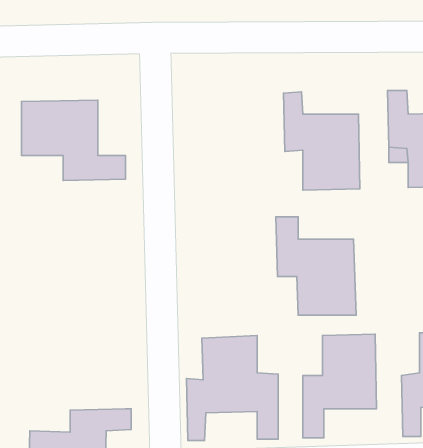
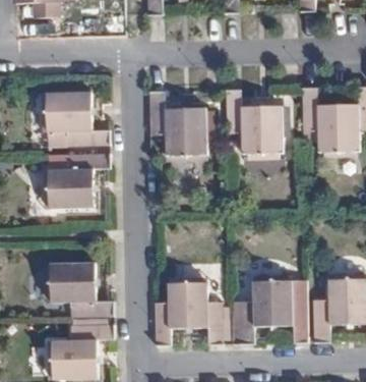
building: none -> [37,154,112,209]
building: [276,217,356,315] -> [150,92,209,164]
building: none -> [41,259,115,318]

